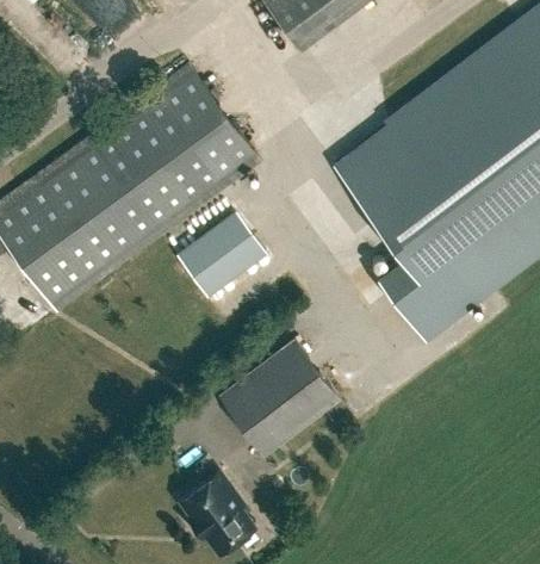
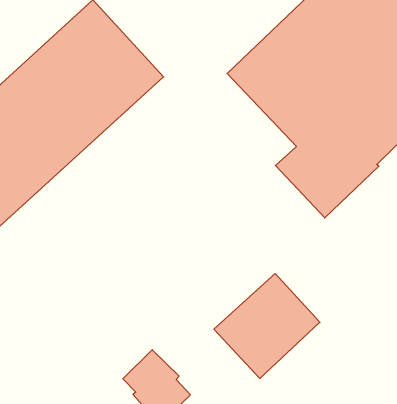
building: [176,210,268,297] -> none
building: [217,337,339,455] -> [214,274,320,379]

